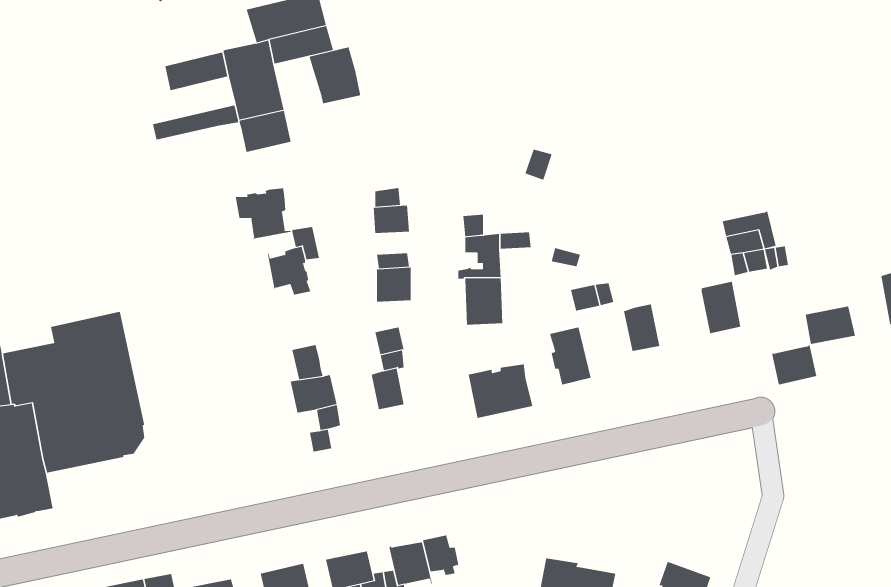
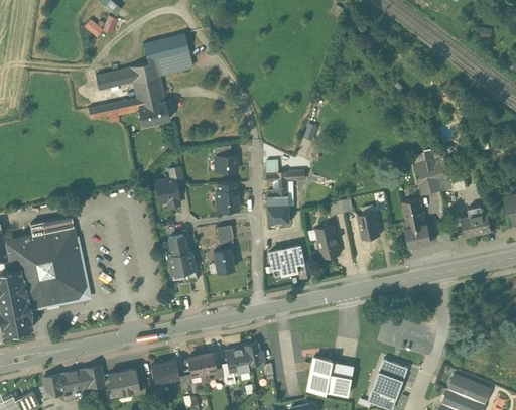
building: [309,47,361,104] -> none
building: [235,187,292,240] -> none
building: [771,345,817,385] -> [405,224,431,247]

